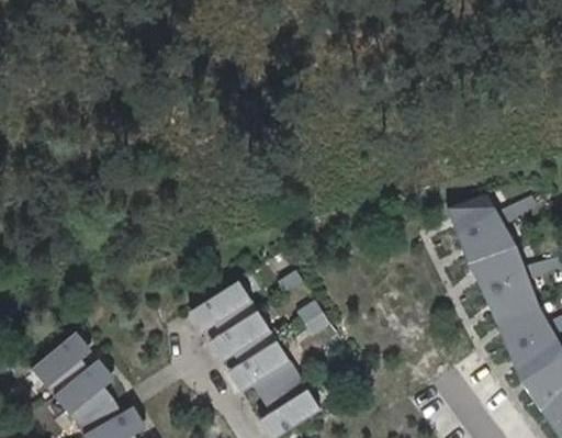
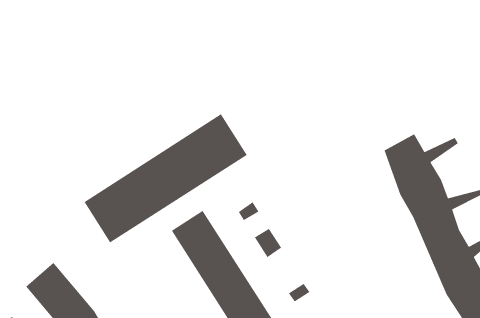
building: none -> [83,113,248,243]

